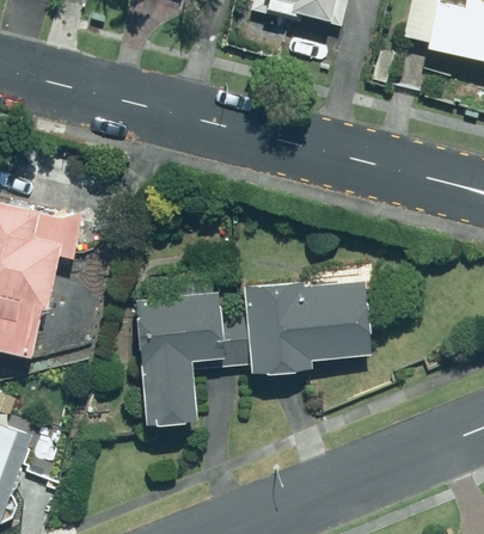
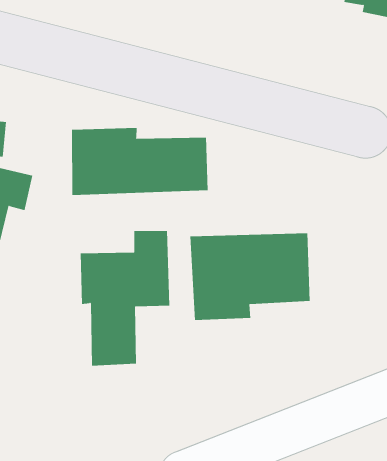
building: none -> [72,127,208,196]

